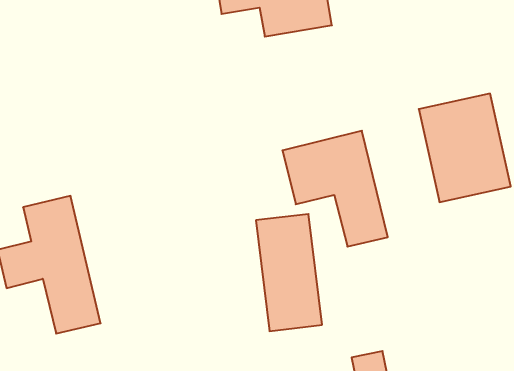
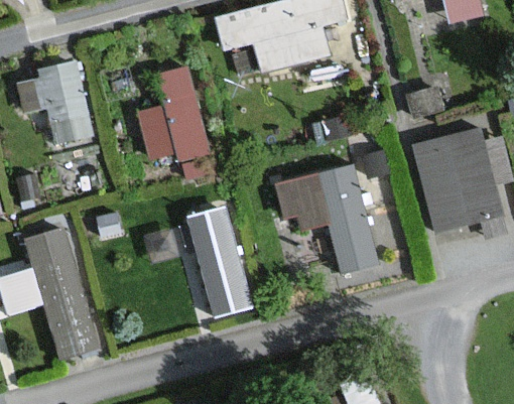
building: none -> [16,63,93,142]
building: none -> [135,64,212,165]
building: [256,214,322,331] -> [184,205,249,318]

